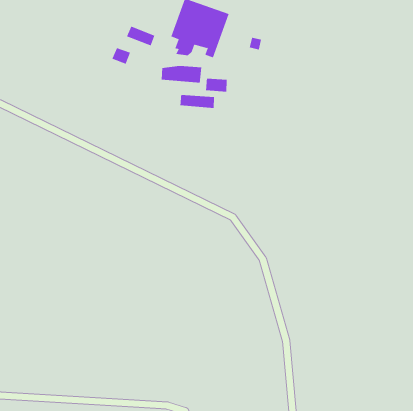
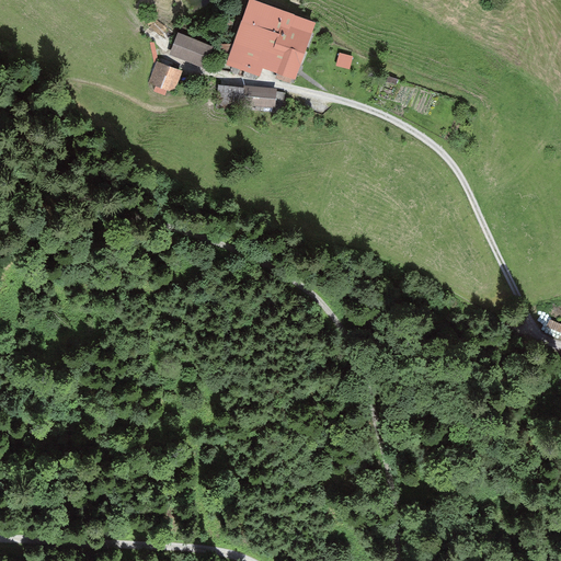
building: [206,78,227,93] -> none
building: [180,94,214,109] -> none

